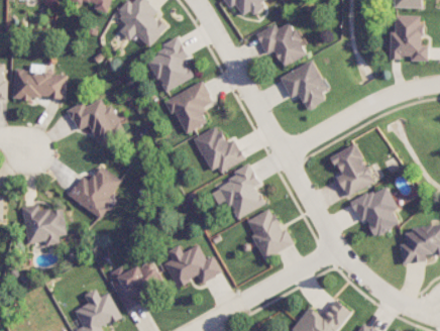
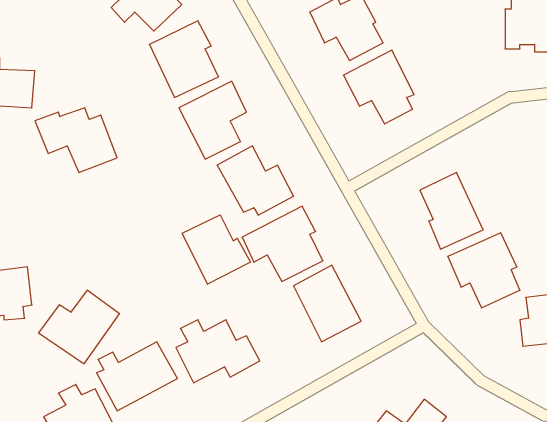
building: [67,165,122,216] -> [39,290,119,364]
building: none -> [182,215,250,284]

